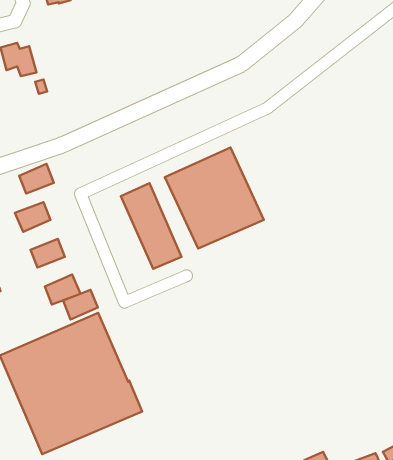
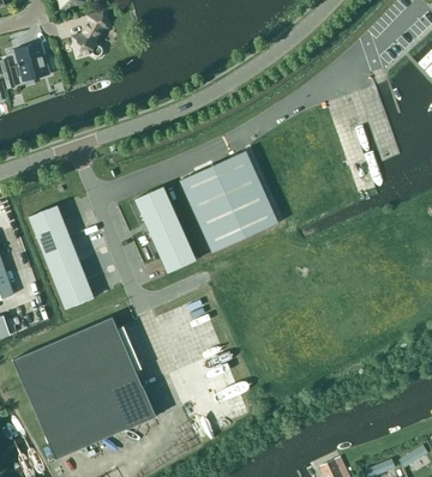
building: none -> [71,11,107,58]
building: [19,164,54,194] -> [36,223,71,253]
building: [63,290,98,319] -> [50,260,85,290]

